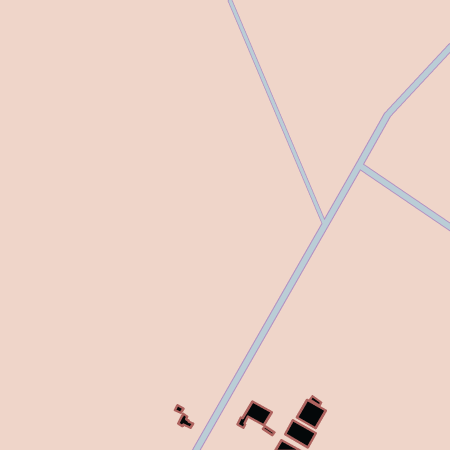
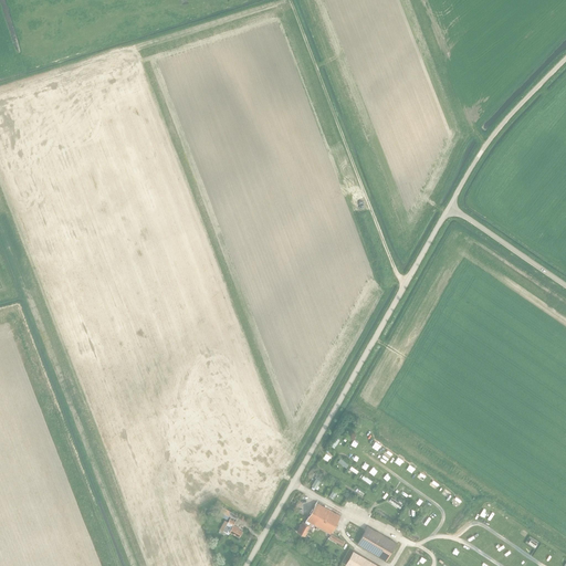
building: [297,400,326,428] -> none

